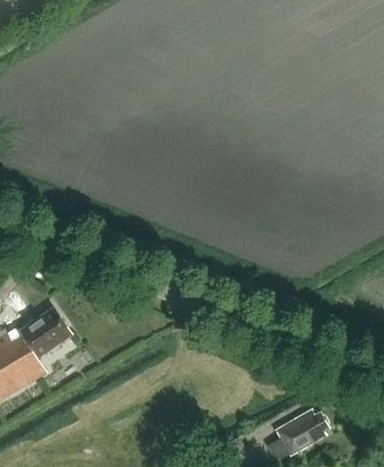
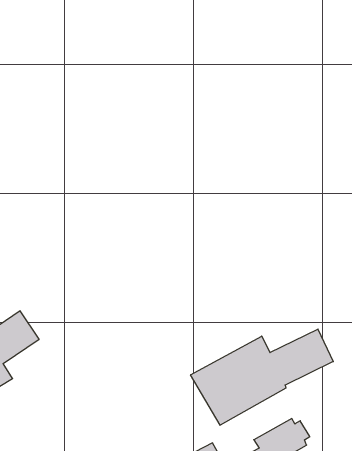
building: none -> [191,329,333,425]

